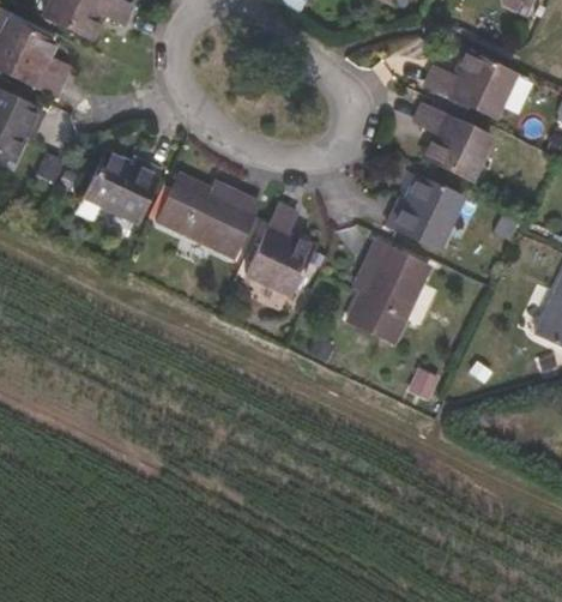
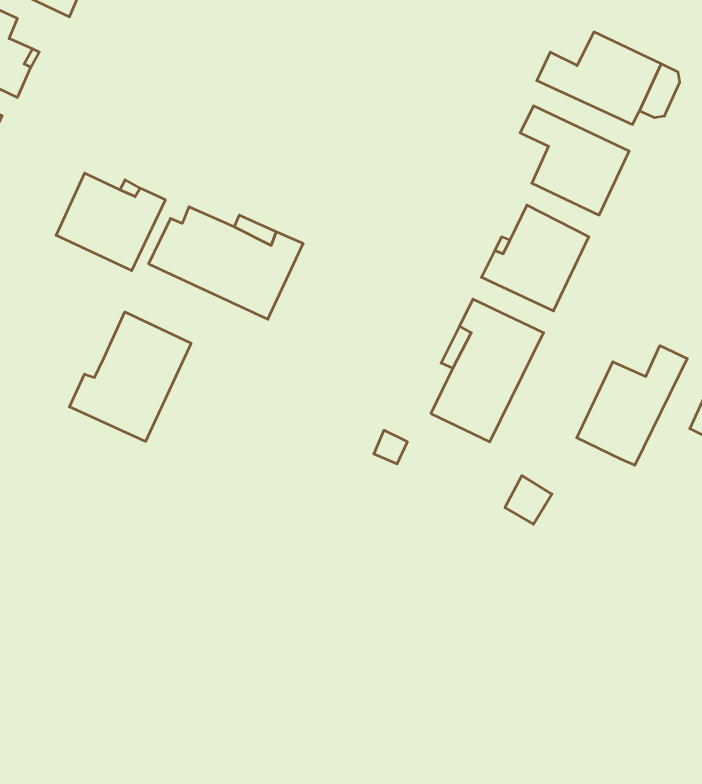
building: [247,204,314,294] -> none
building: none -> [69,312,191,441]
building: none -> [577,346,687,465]

